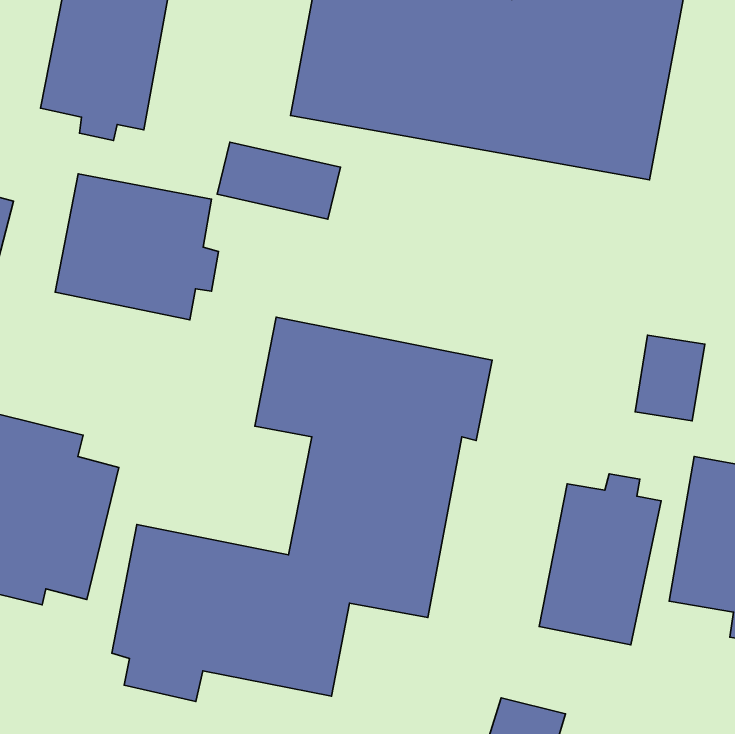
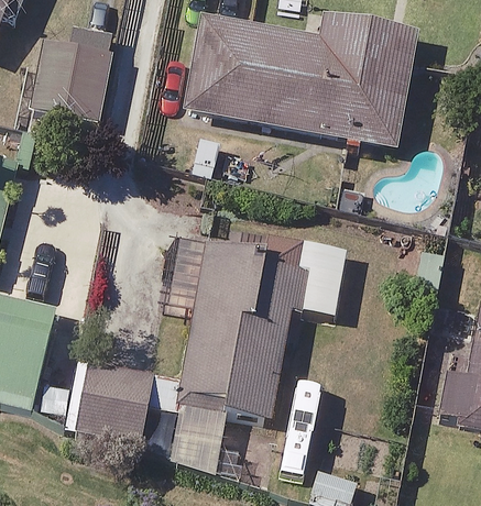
building: [55,174,219,320] -> none
building: [539,474,661,645] -> none

